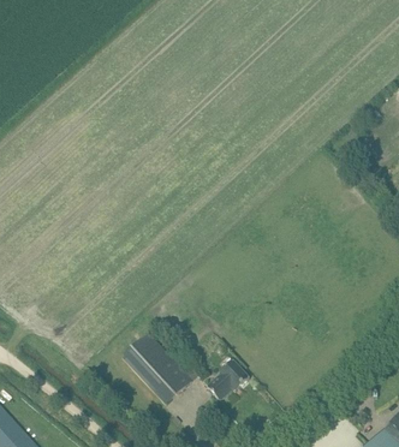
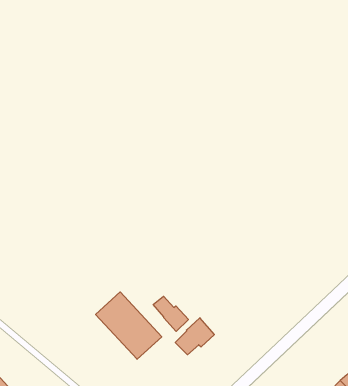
building: none -> [153,296,188,331]

